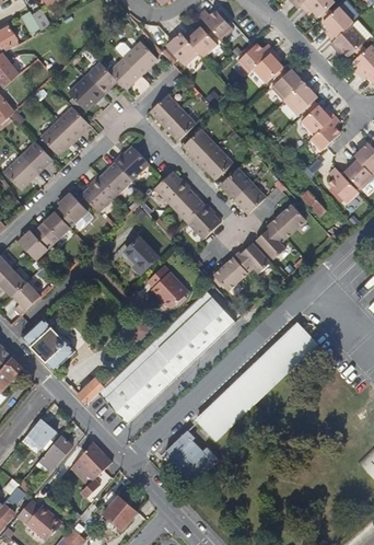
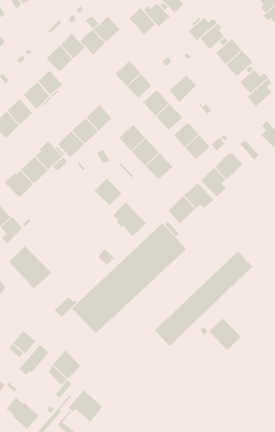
building: none -> [169,75,197,103]
building: none -> [209,318,242,351]
building: [161,429,220,490] -> none

